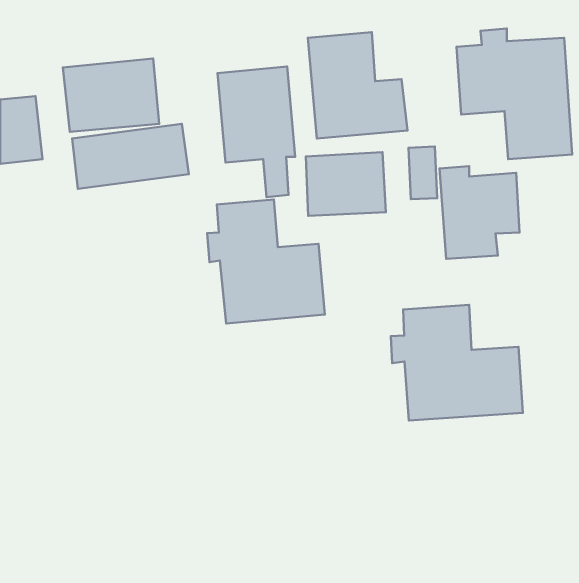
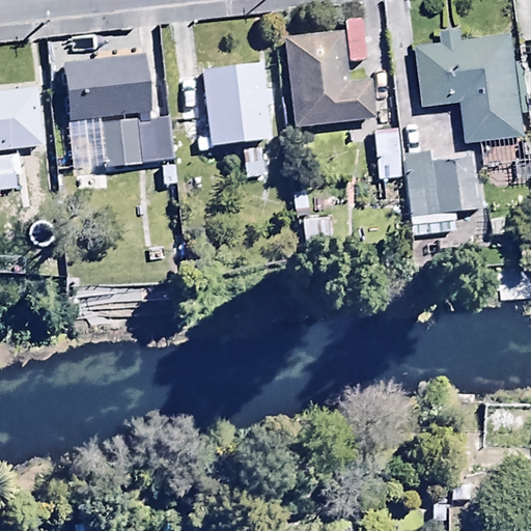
building: [306,152,386,216] -> none
building: [207,199,325,323] -> none
building: [391,305,523,420] -> none

